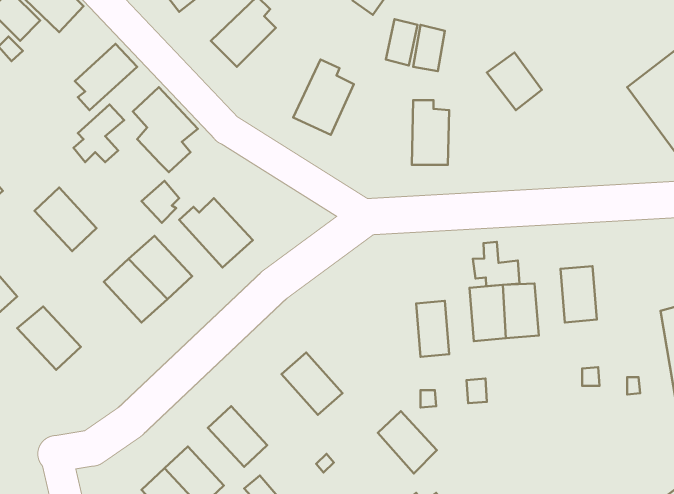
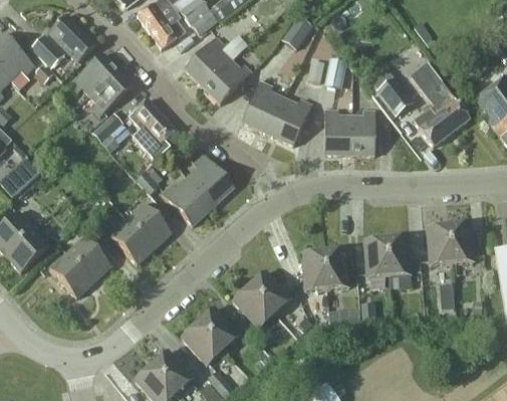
building: none -> [70,53,117,95]
building: none -> [202,58,251,103]
building: none -> [410,61,470,146]
building: none -> [267,97,311,145]
building: none -> [348,110,374,155]
building: none -> [186,154,234,206]
building: [34,188,97,251] -> [67,236,110,280]
building: [473,242,520,286] -> none
building: none -> [449,222,474,261]
building: none -> [301,250,329,289]
building: none -> [198,307,239,349]
building: [378,411,437,473] -> [250,269,291,313]

